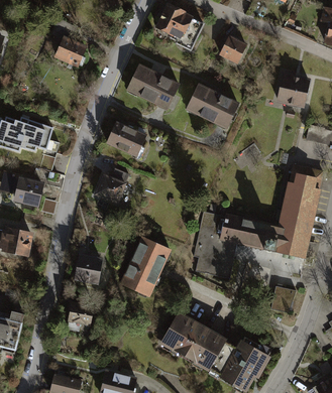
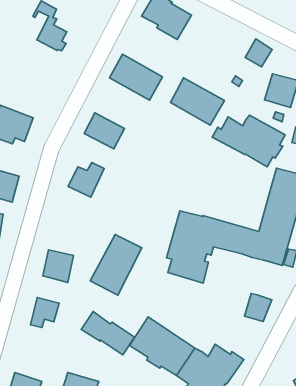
building: [220,35,245,61] -> [245,39,272,67]
building: none -> [212,115,285,167]
building: none -> [81,311,135,355]

